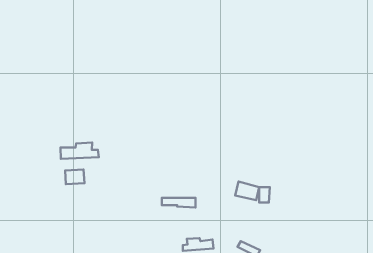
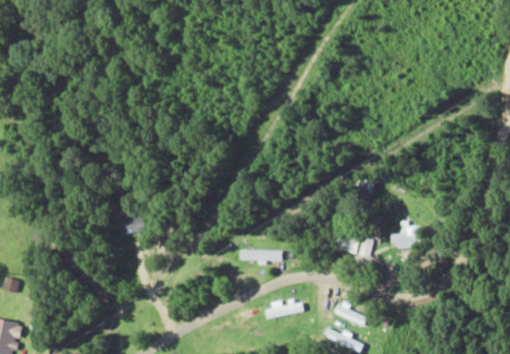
building: [61,142,99,159] -> none
building: none -> [390,220,418,246]

